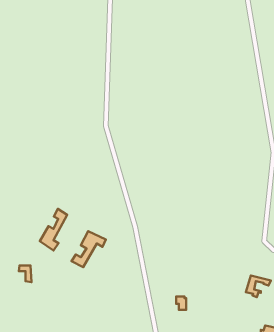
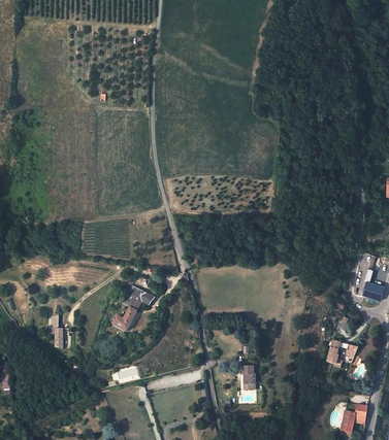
building: [40,209,67,250] -> none

